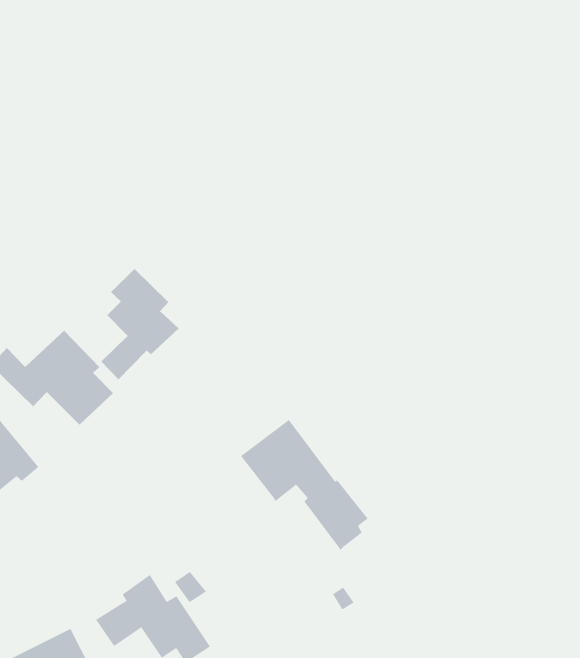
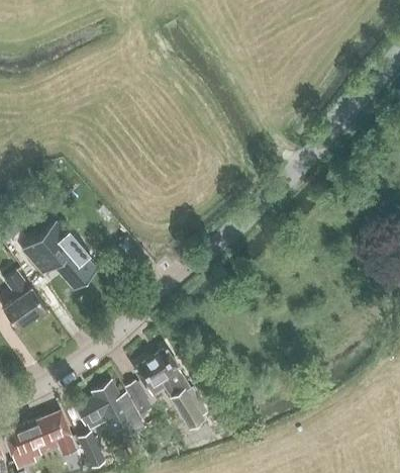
building: [100,268,180,380] -> none
building: [240,419,368,551] -> [134,349,209,431]

